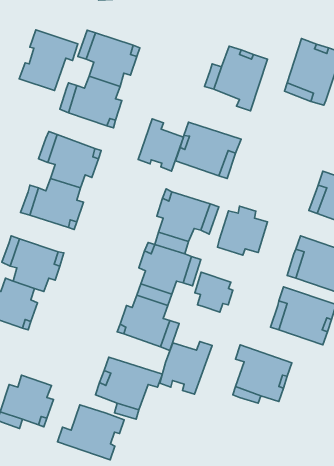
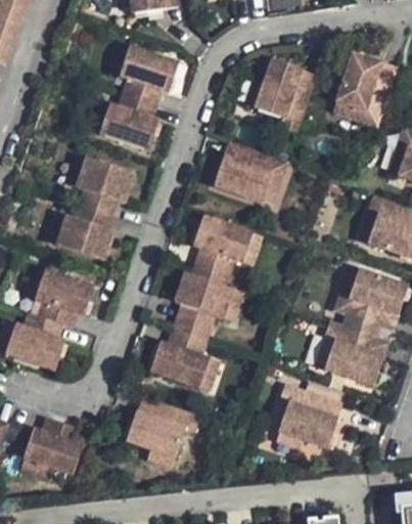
building: [19,30,78,91] -> none
building: [138,119,183,171] -> none
building: [218,206,267,255] -> none
building: [195,272,233,312] -> none
building: [160,342,212,394] -> none
building: [57,405,124,460] -> none

